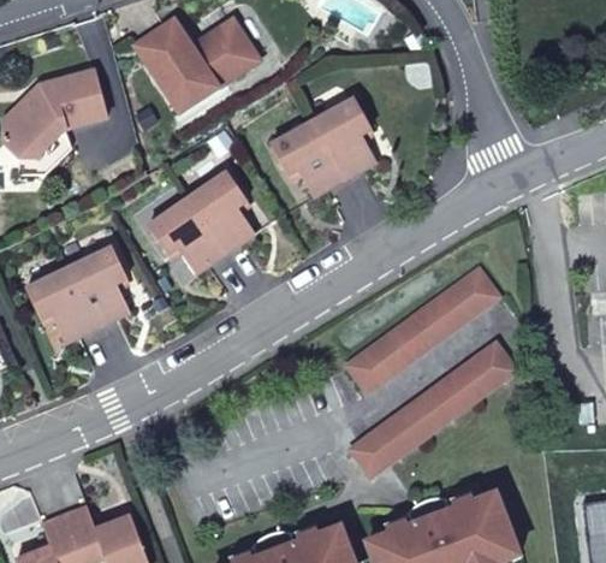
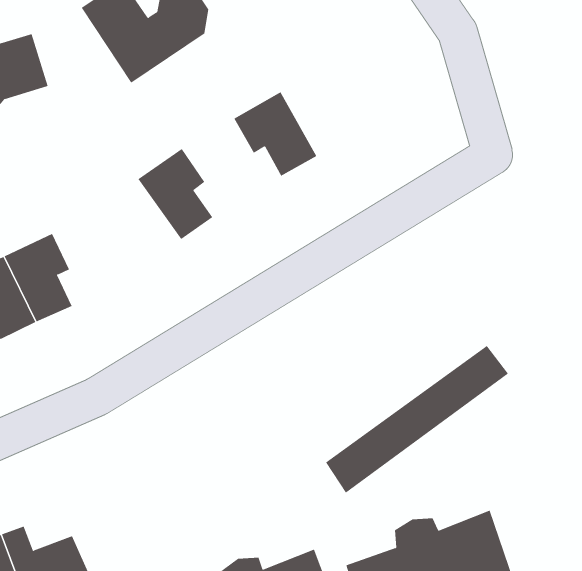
building: [313,96,376,177] -> none
building: [145,197,224,272] -> none
building: [346,267,501,393] -> none

